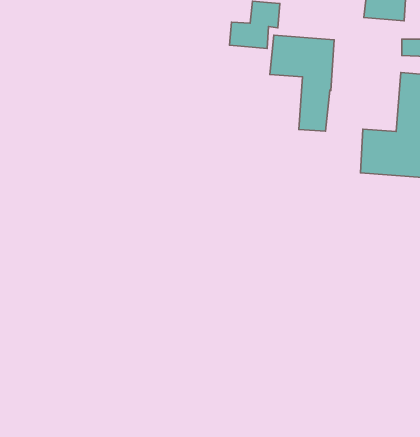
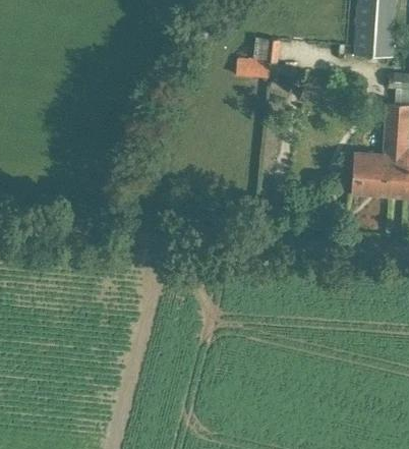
building: [270,35,334,131] -> none

